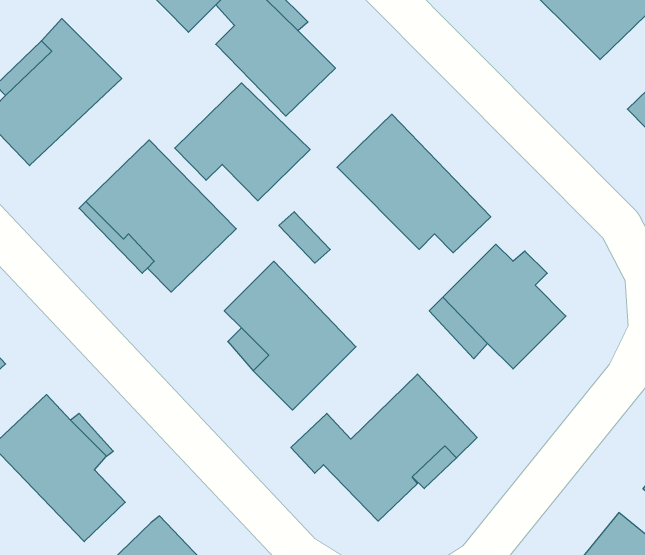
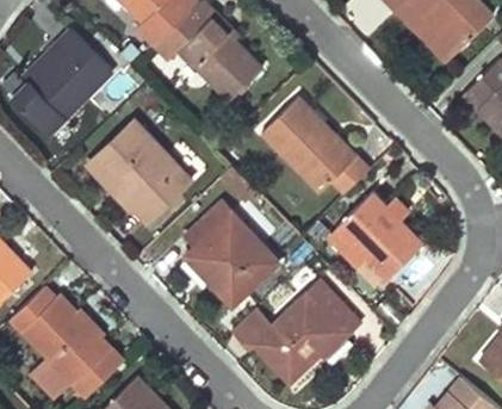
building: [175,83,310,201] -> none

